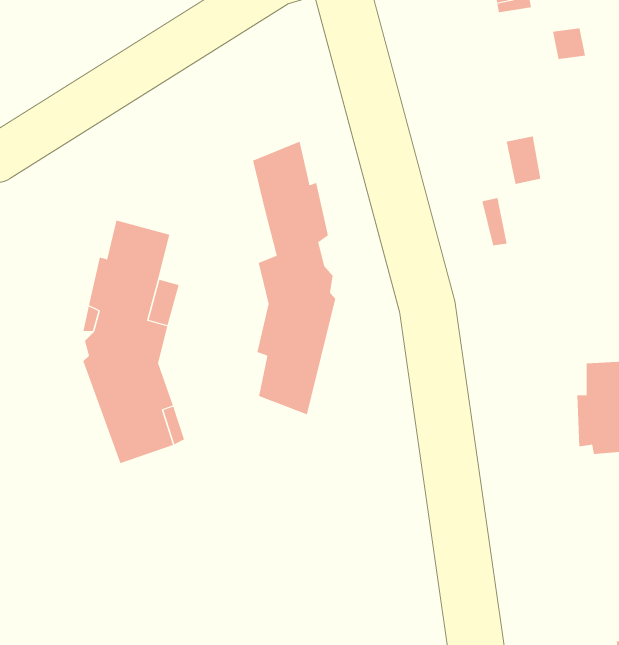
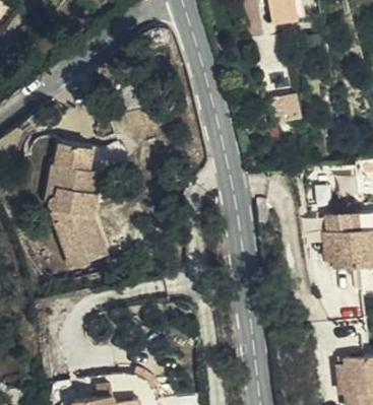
building: [253,141,336,415] -> none

